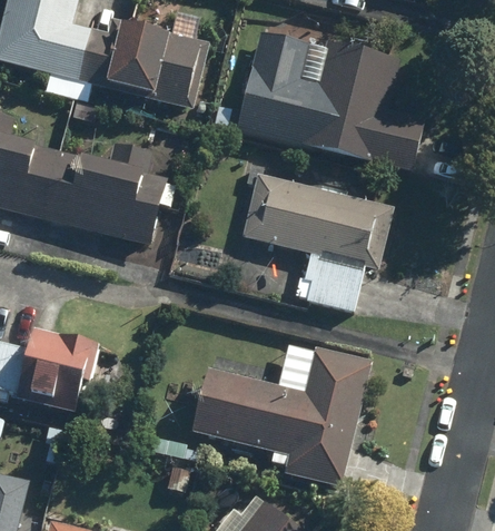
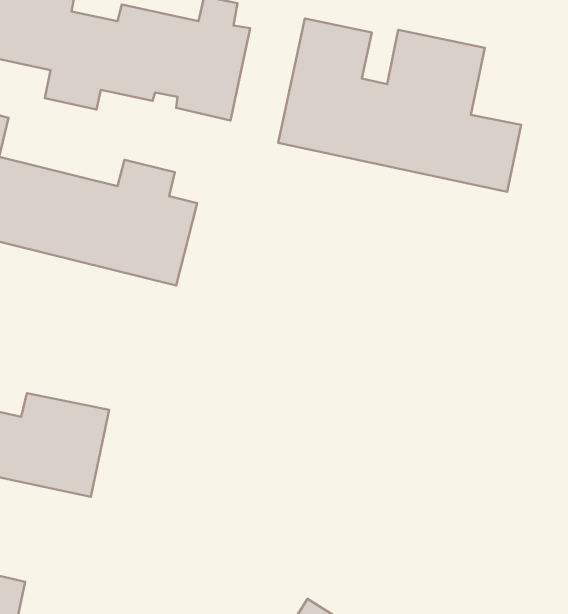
building: [241,173,395,314] -> none
building: [194,343,374,493] -> none

